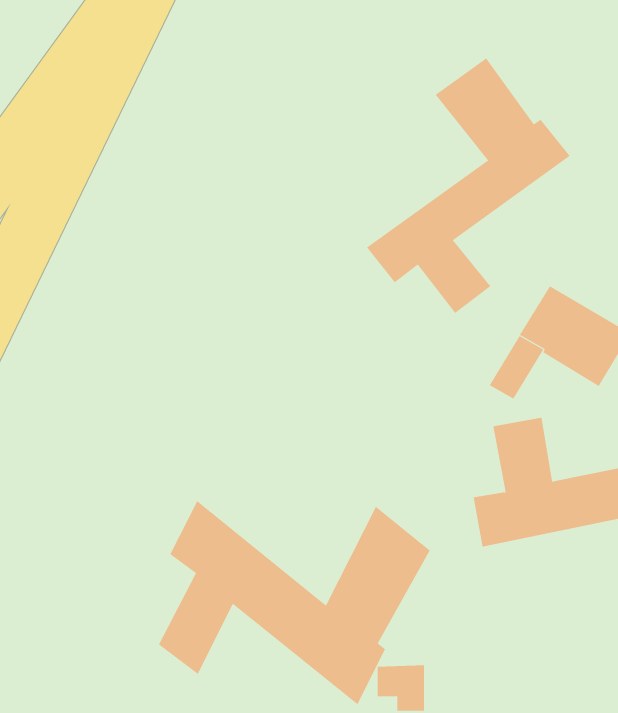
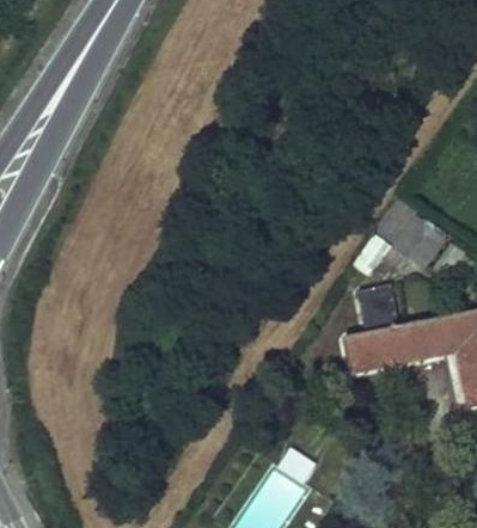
building: [366,58,570,314] -> none
building: [158,500,430,705] -> none

